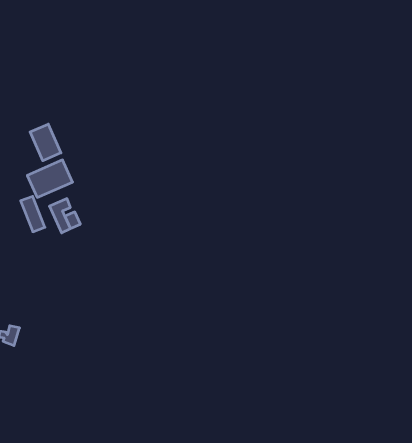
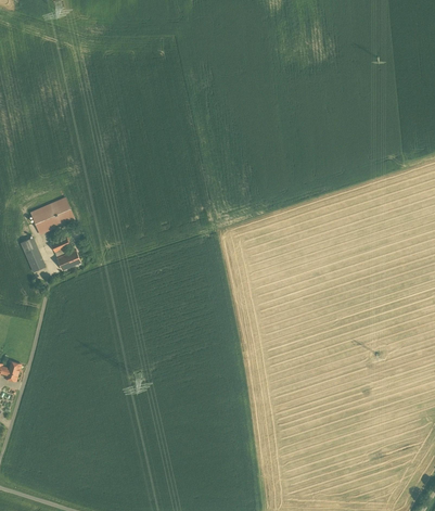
building: [30,124,61,161] -> none

